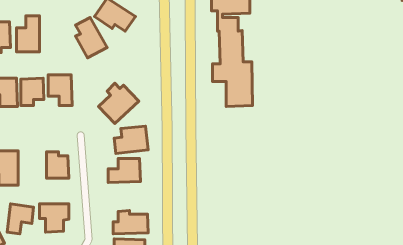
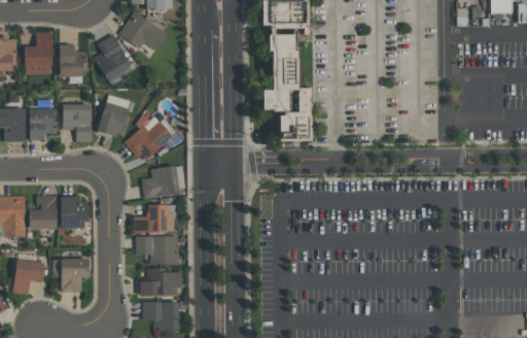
building: none -> [59,44,85,76]
building: none -> [96,102,129,137]
building: none -> [29,195,57,229]
building: none -> [134,235,177,264]

